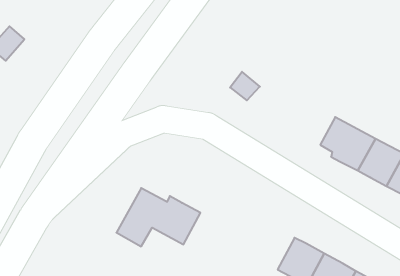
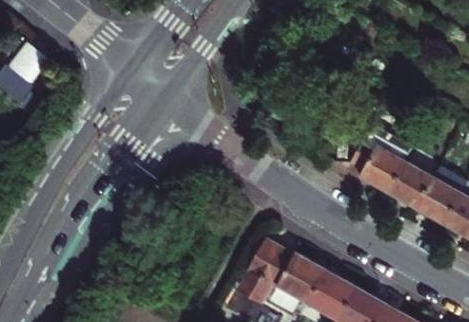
building: [116,188,200,246] -> [238,244,323,303]

